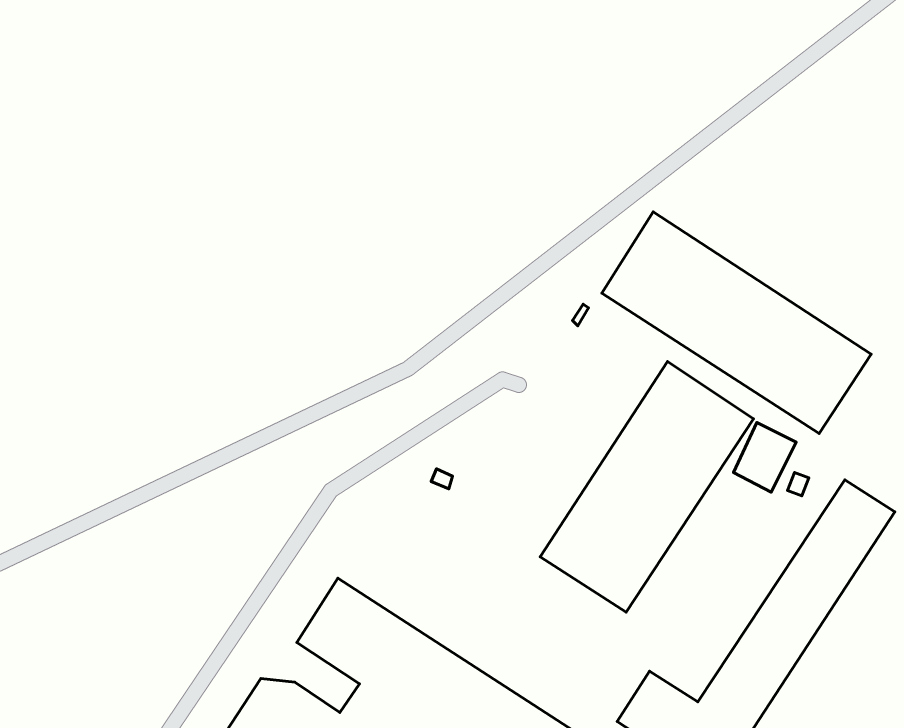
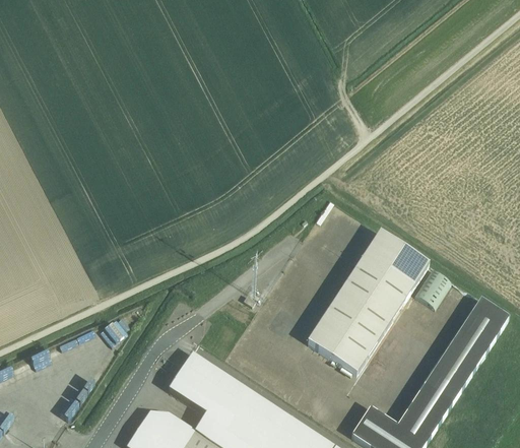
building: [602,212,871,433] -> none

